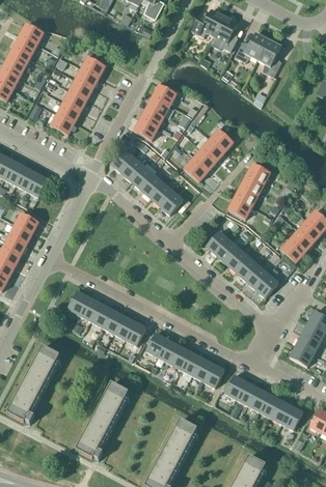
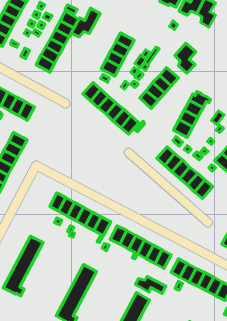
building: none -> [71,8,100,37]
building: none -> [175,43,196,73]
building: none -> [135,276,166,293]

